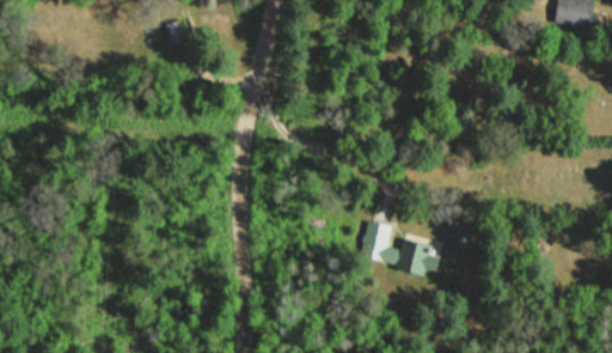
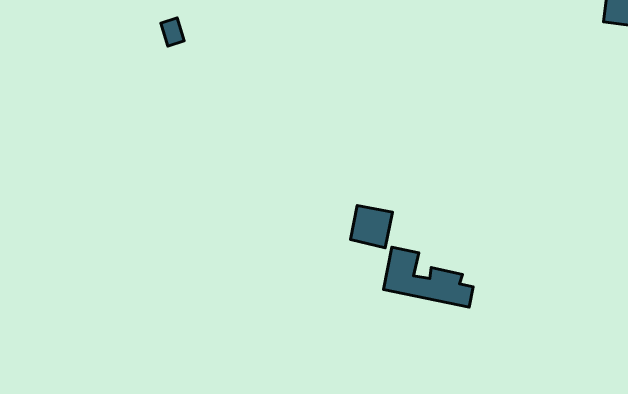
building: none -> [350,206,392,248]

